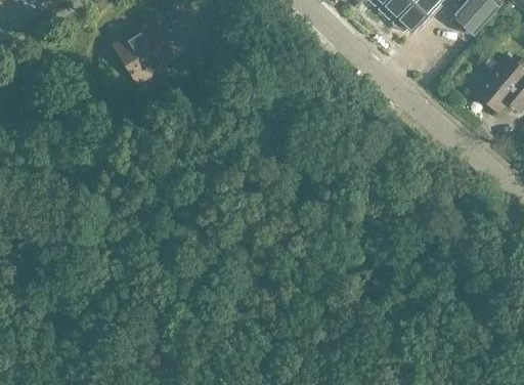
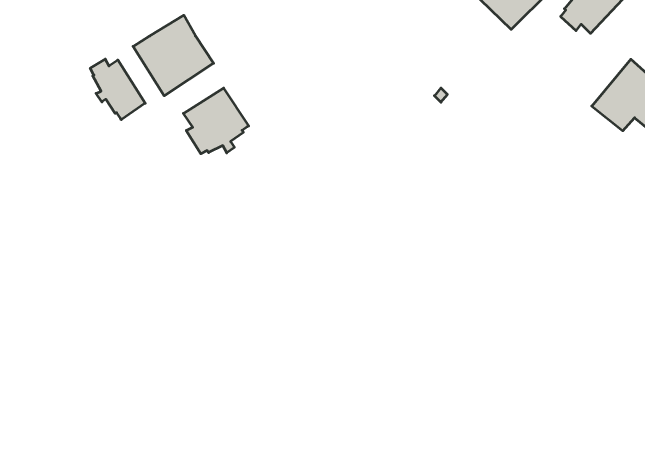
building: none -> [90,59,145,120]
building: none -> [183,88,249,154]

